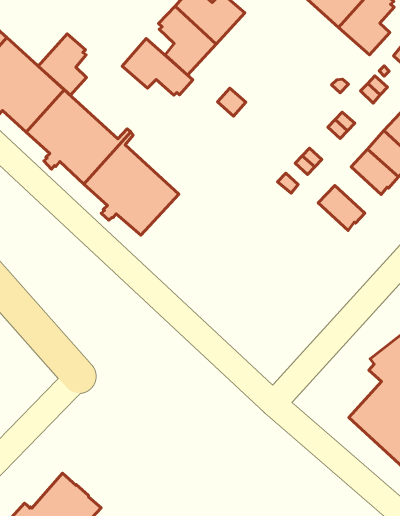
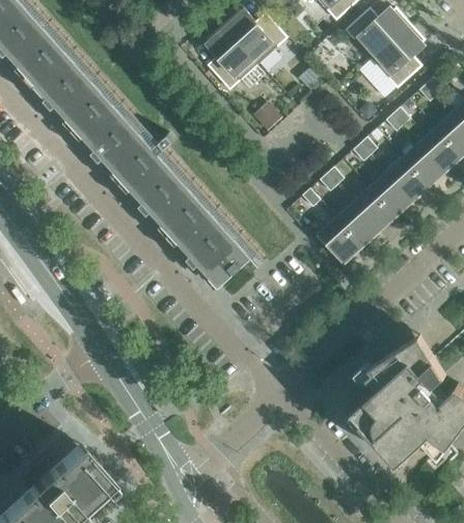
building: [38,34,86,95] -> none
building: [122,38,193,95] -> none
building: none -> [353,189,394,233]
building: none -> [171,199,266,287]
building: none -> [316,219,361,264]

